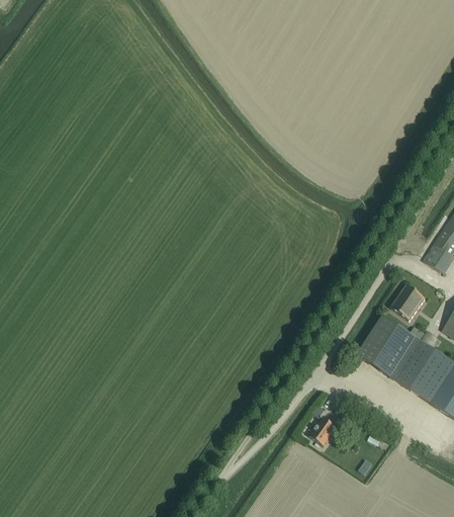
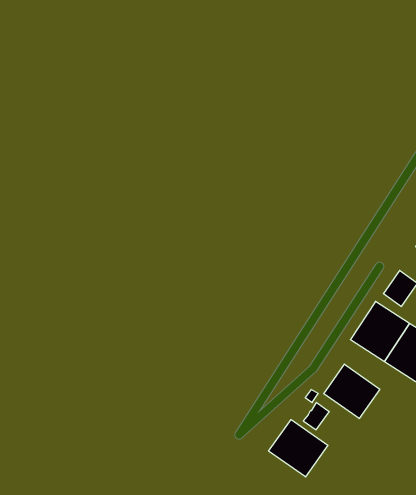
building: none -> [324,364,380,419]
building: none -> [269,420,328,477]

